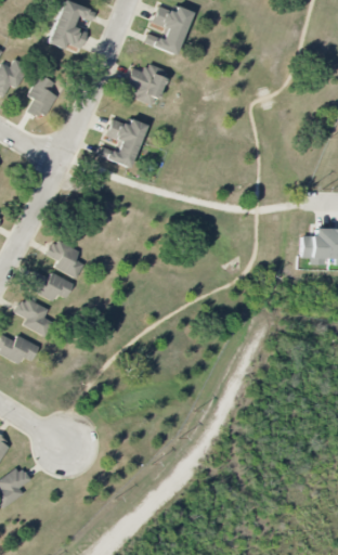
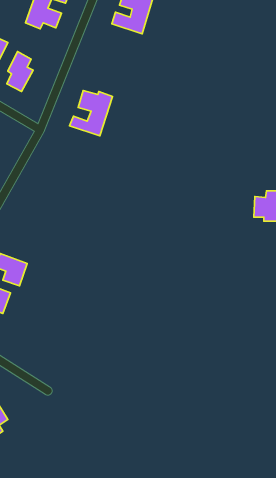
building: [127,64,167,105] -> none
building: [45,240,83,279] -> none
building: [28,272,74,301] -> none

